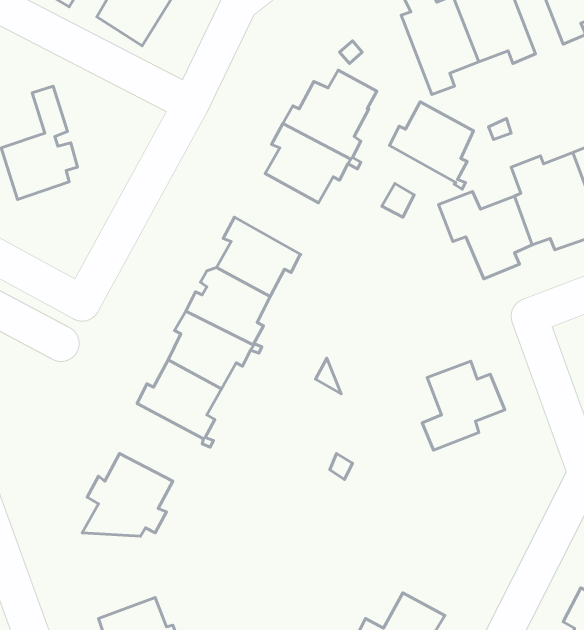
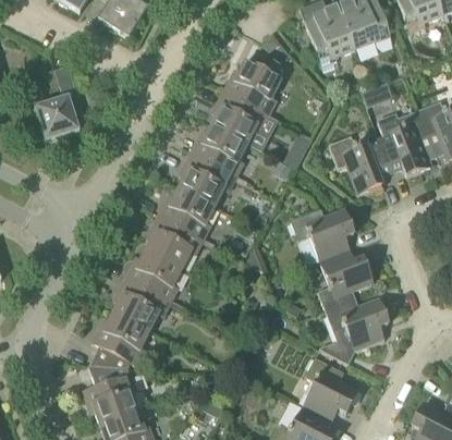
building: [389,102,474,189] -> [191,123,247,182]
building: none -> [290,208,353,260]
building: none -> [113,278,170,330]
building: none -> [319,297,388,364]
building: none -> [304,356,358,420]
building: none -> [83,365,137,423]

